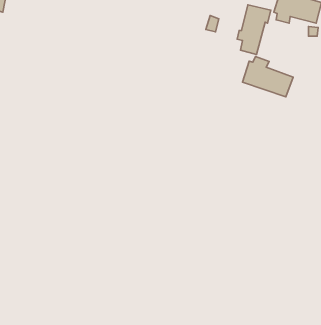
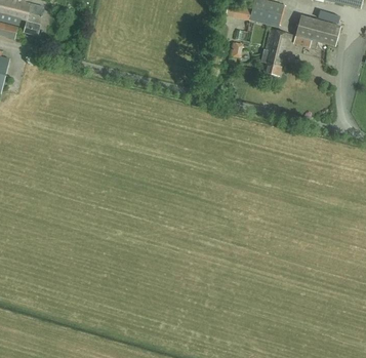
building: [243,56,293,97] -> none

